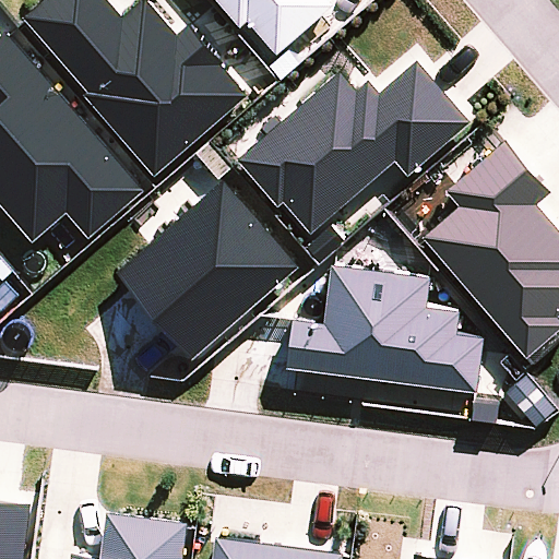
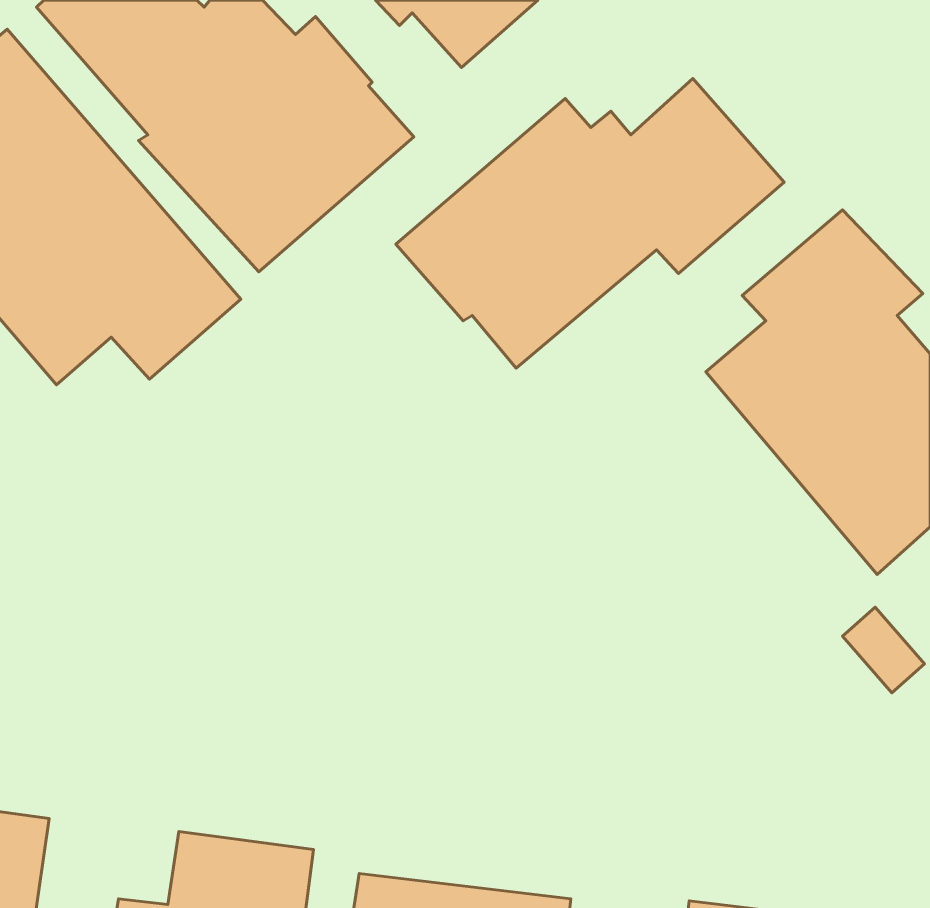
building: [117,181,299,358] -> none
building: [286,265,483,393] -> none

